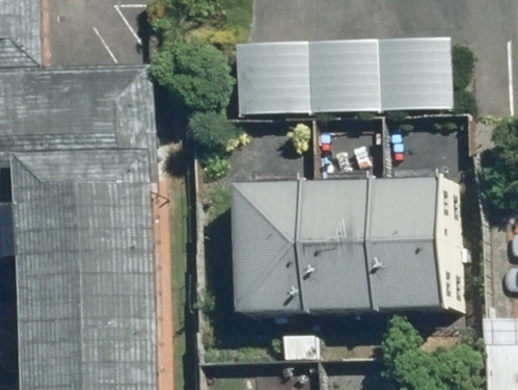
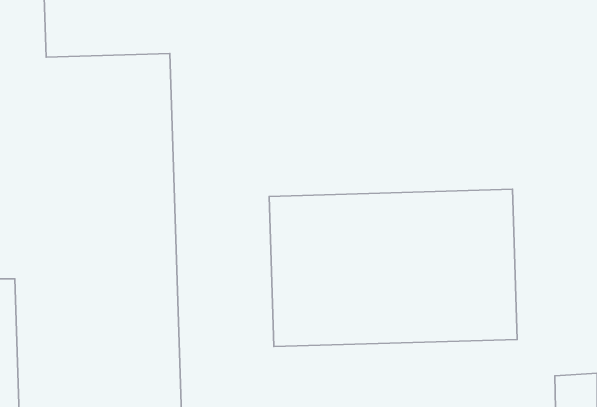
building: [230,40,447,113] -> none

